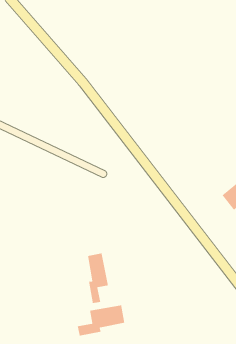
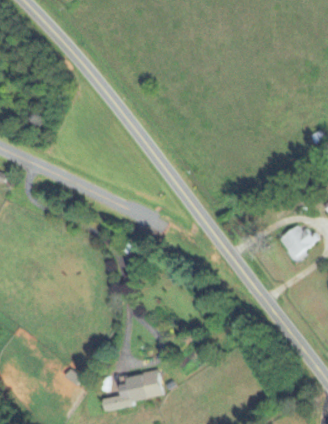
building: [87,253,109,304] -> none

